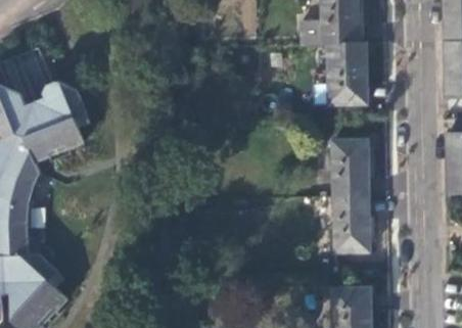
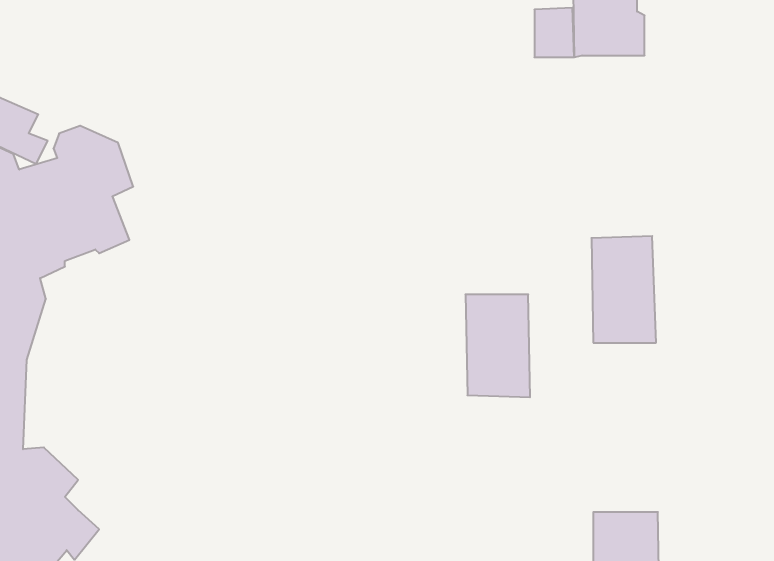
building: [327,43,365,104] -> none
building: [333,197,368,252] -> [465,294,530,397]

